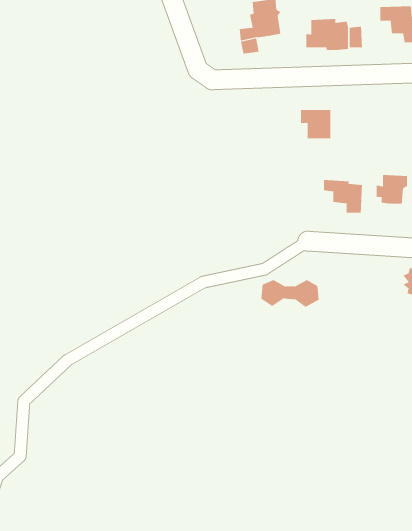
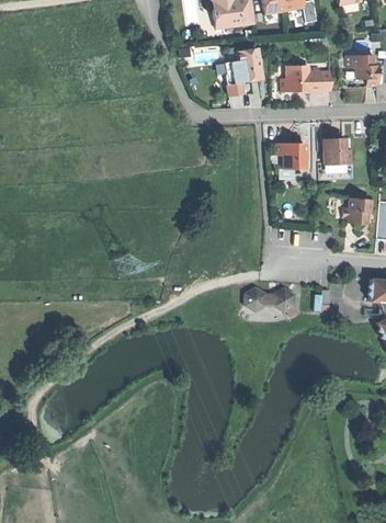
building: none -> [322,138,350,163]
building: [323,179,363,214] -> none

